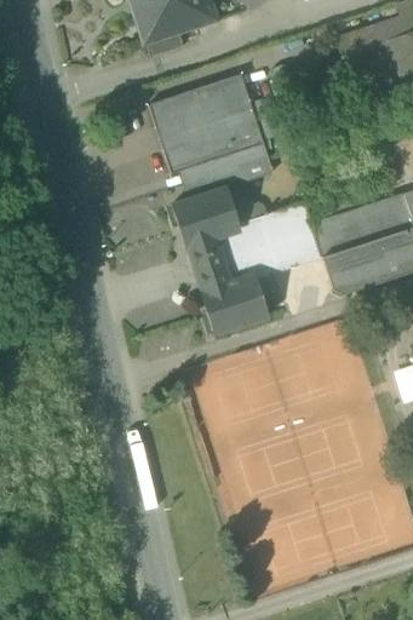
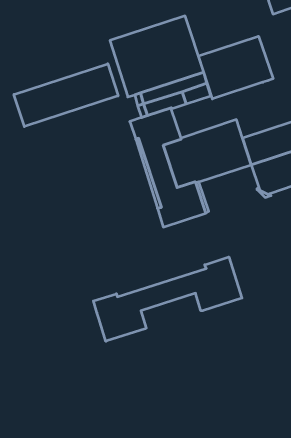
building: none -> [199,36,273,99]
building: none -> [14,64,118,127]
building: none -> [93,257,242,341]

